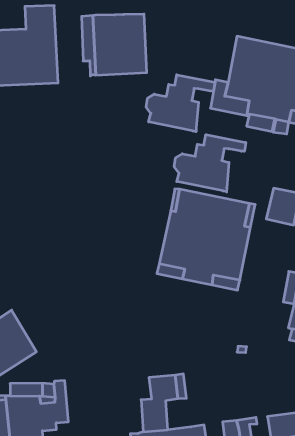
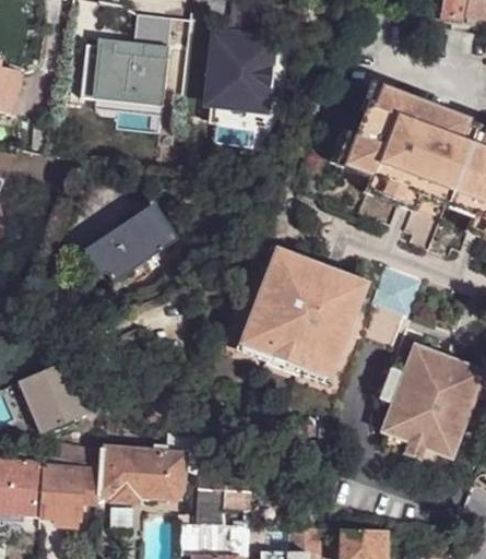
building: [146,75,215,132] -> none
building: [174,135,246,192] -> none
building: none -> [93,207,174,281]
building: none -> [112,449,185,501]

